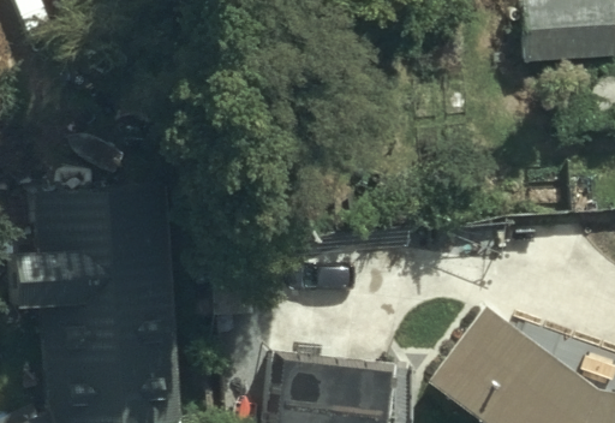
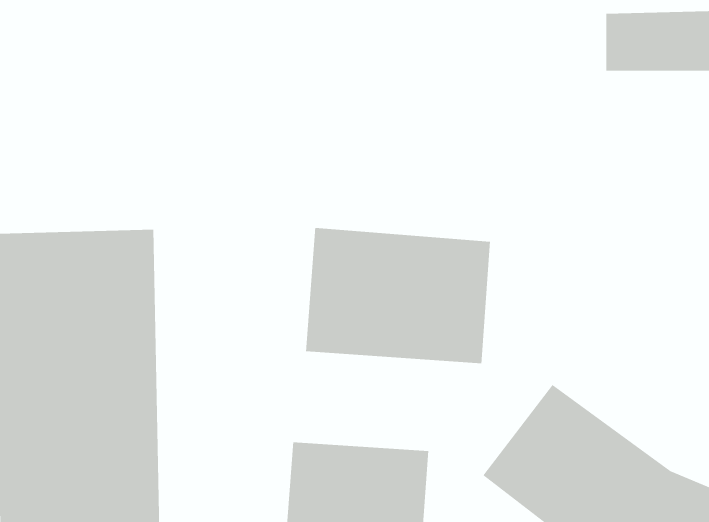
building: none -> [306,227,491,364]

